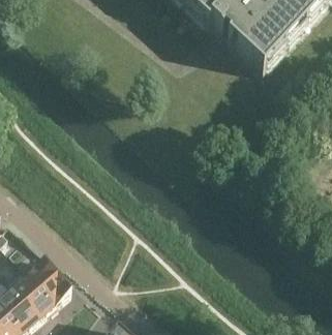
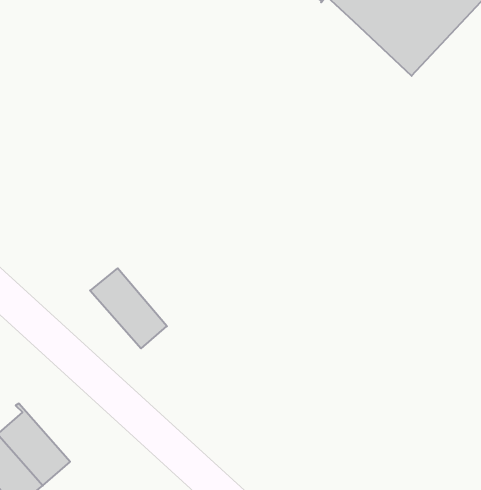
building: [24,257,70,306] -> [90,268,167,348]

